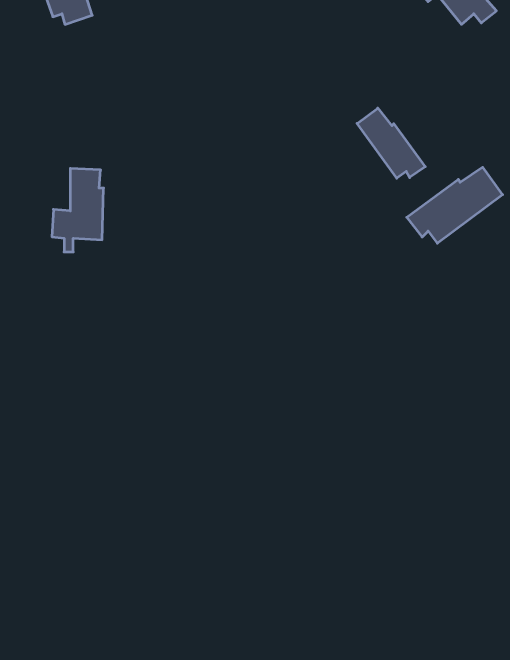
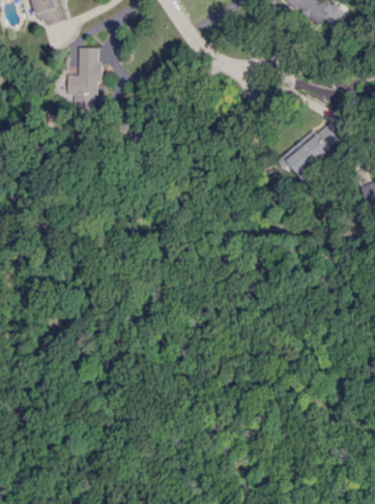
building: [357,108,425,178] -> none
building: [52,168,104,252] -> [66,47,102,103]

